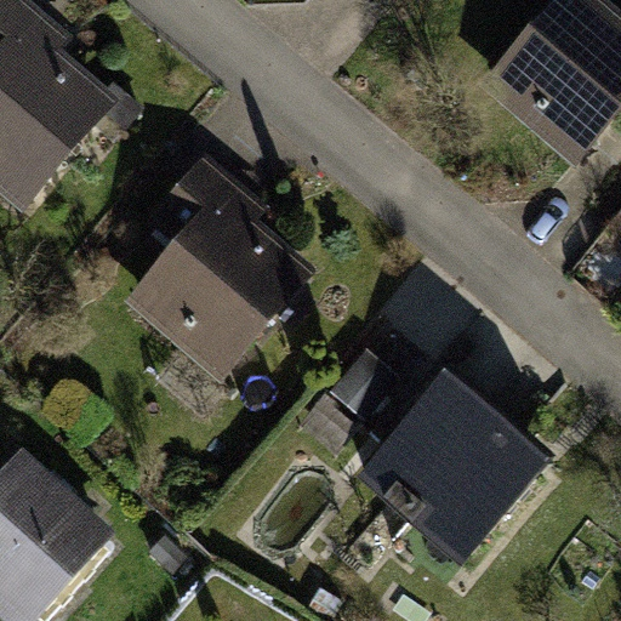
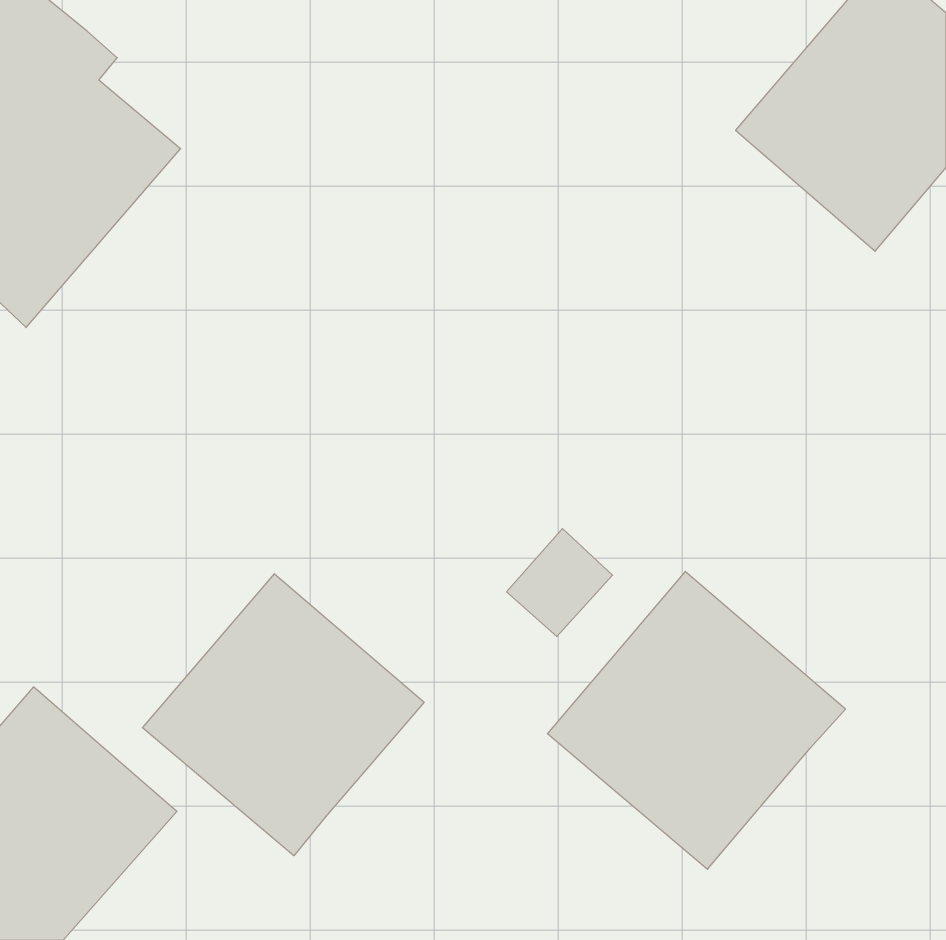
building: [126,155,317,380] -> none
building: none -> [142,574,424,856]

